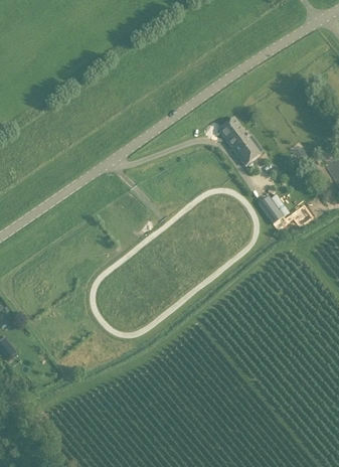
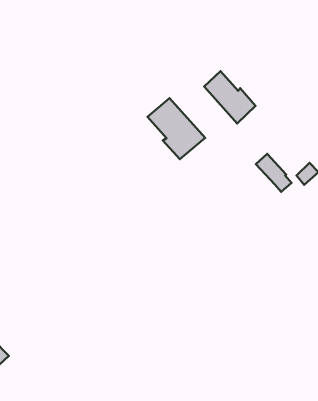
building: none -> [148,98,205,159]

